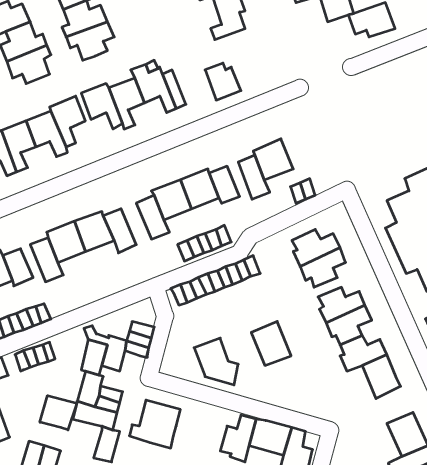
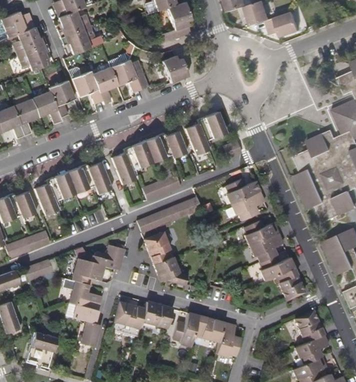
building: [251,321,291,365] -> [144,232,173,264]
building: [40,396,77,430] -> none
building: none -> [141,301,172,328]

